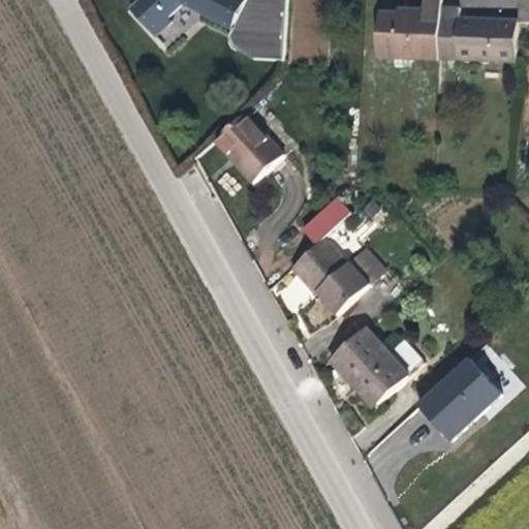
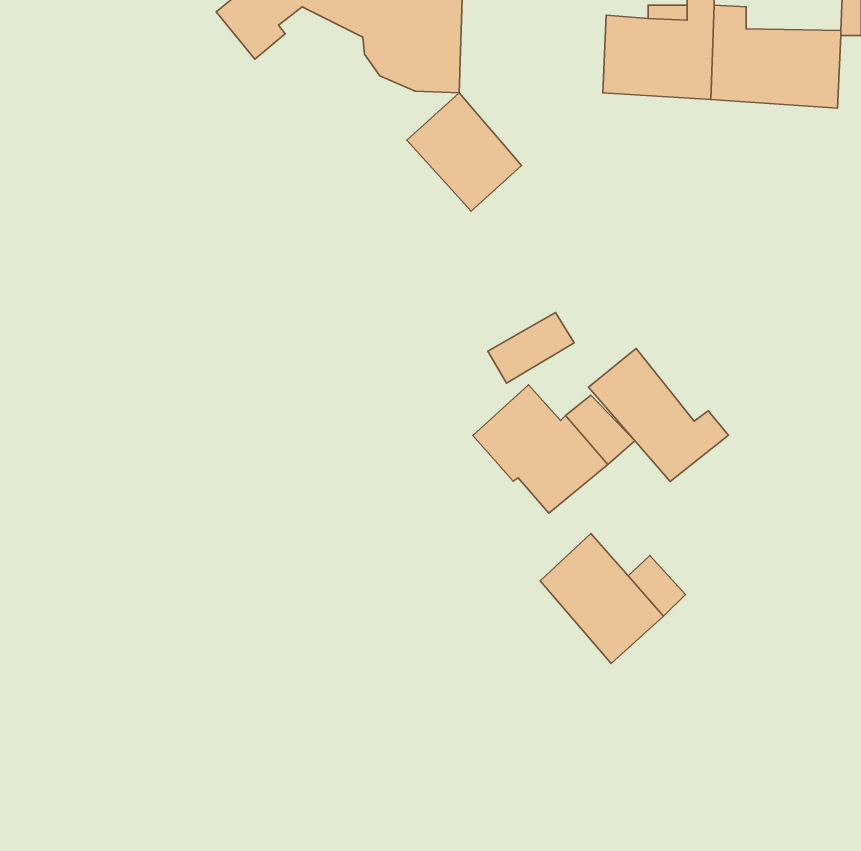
building: [213,108,283,181] -> [407,93,522,211]
building: none -> [589,348,729,482]
building: [415,354,500,439] -> none

